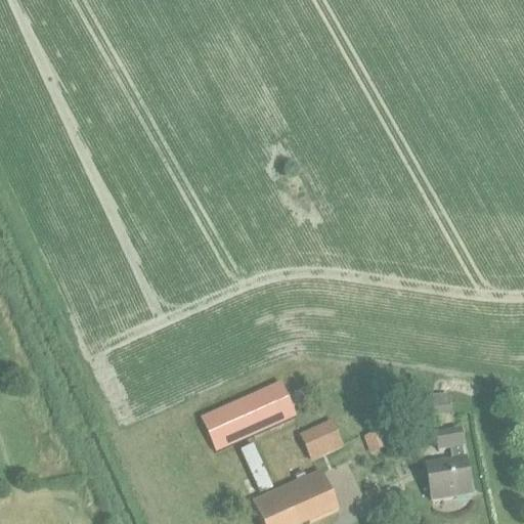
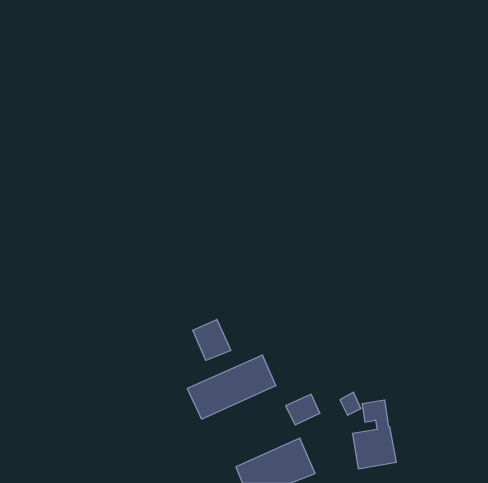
building: none -> [193,319,231,360]
building: [426,427,473,500] -> [352,400,396,469]

